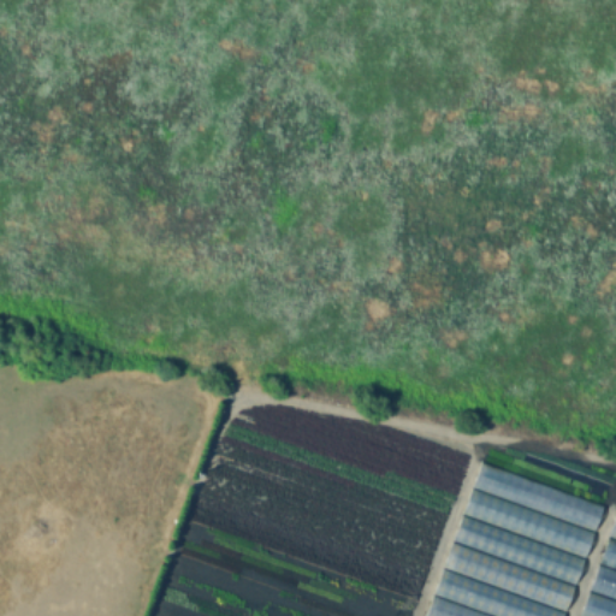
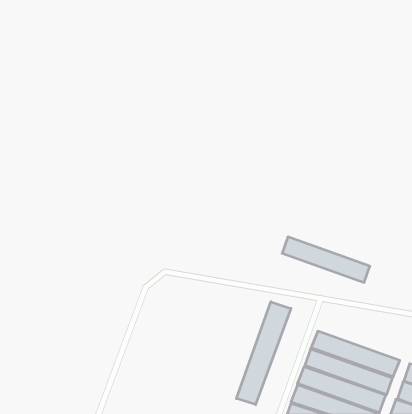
building: none -> [236,302,291,405]
building: [475,464,605,532] -> [282,237,370,282]

